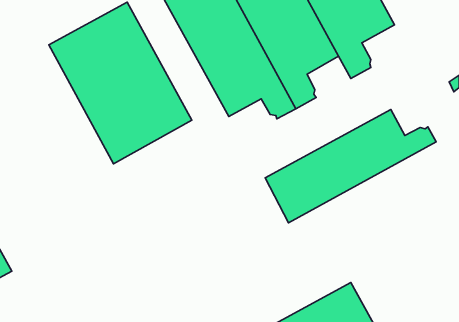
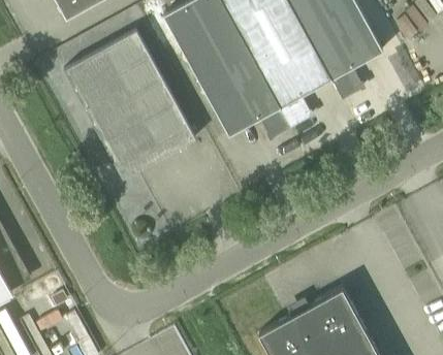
building: [265,109,436,223] -> none

